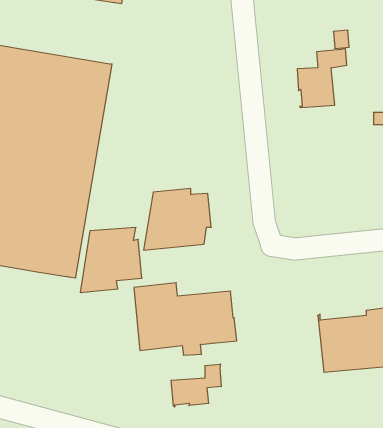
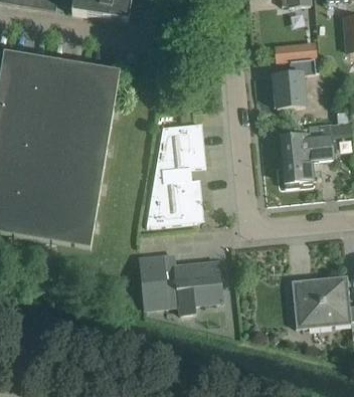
building: none -> [279,133,333,181]
building: [80,227,142,293] -> [154,123,205,177]
building: [171,364,221,407] -> none

